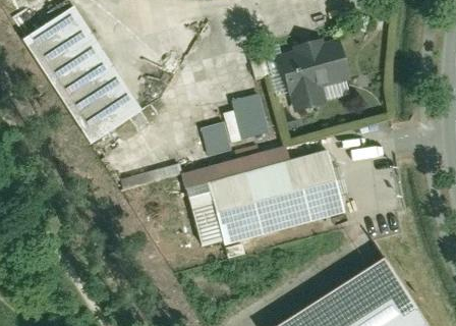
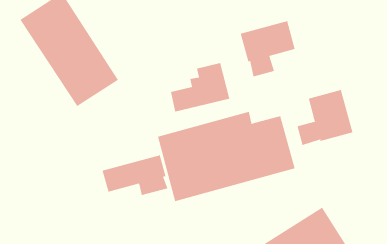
building: none -> [297,89,353,146]
building: none -> [102,154,168,196]

